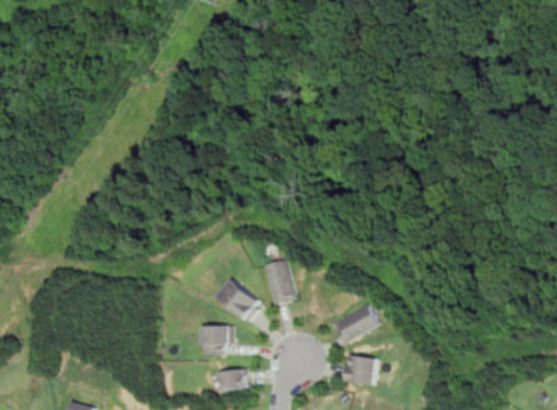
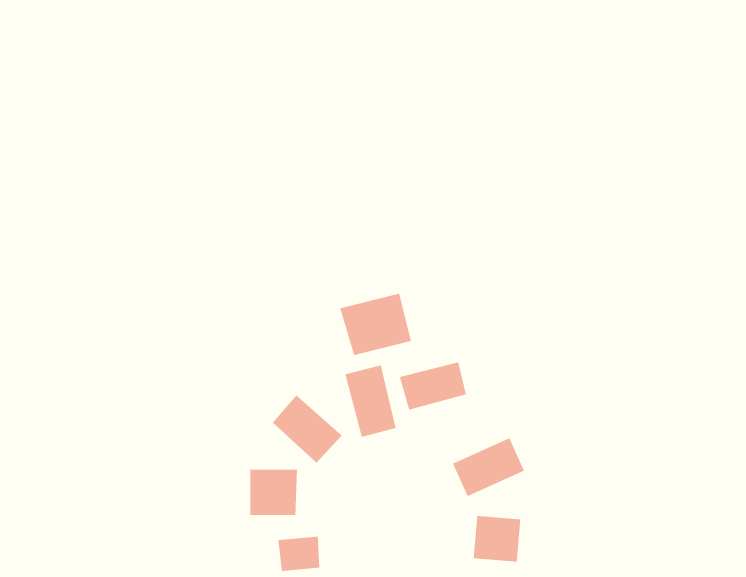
building: none -> [339,293,412,356]
building: none -> [399,362,467,411]

